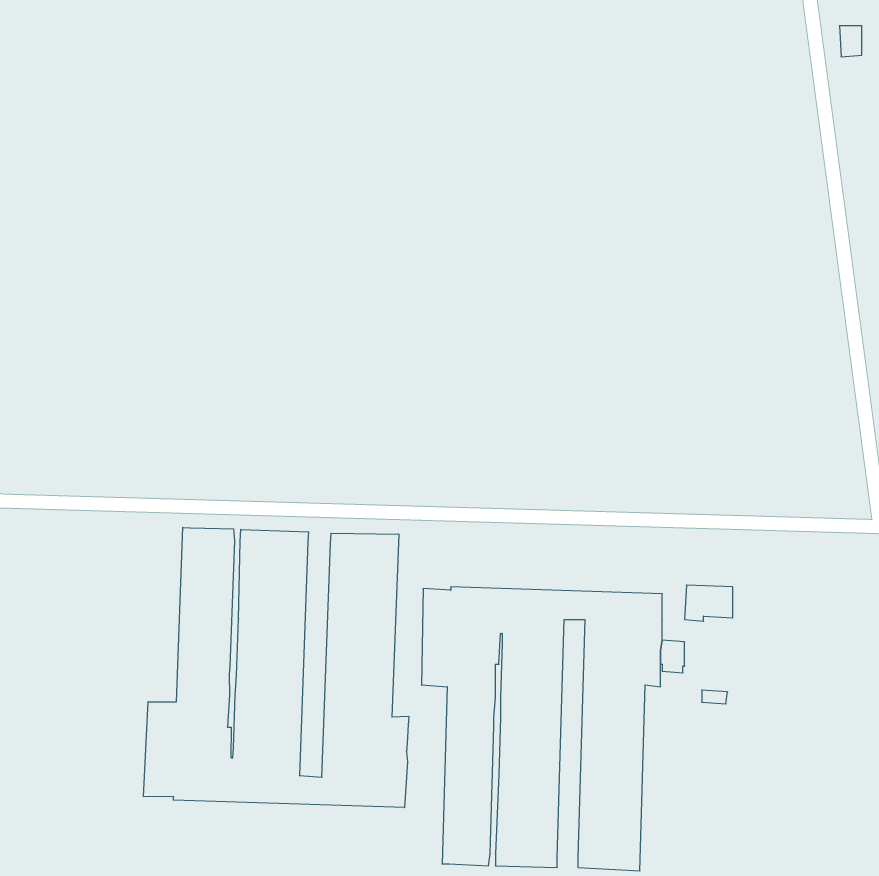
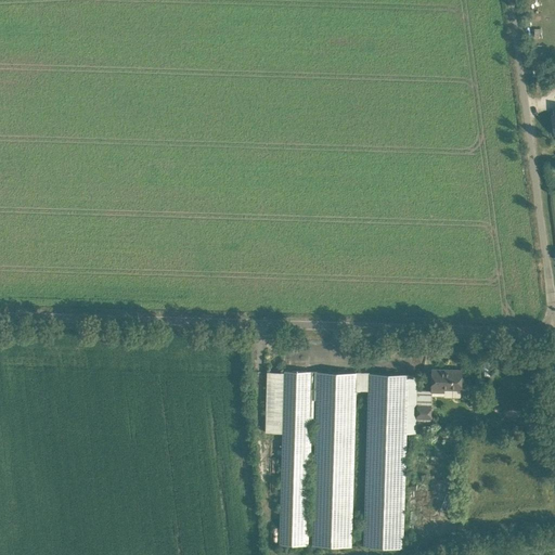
building: [144,527,409,808] -> none

